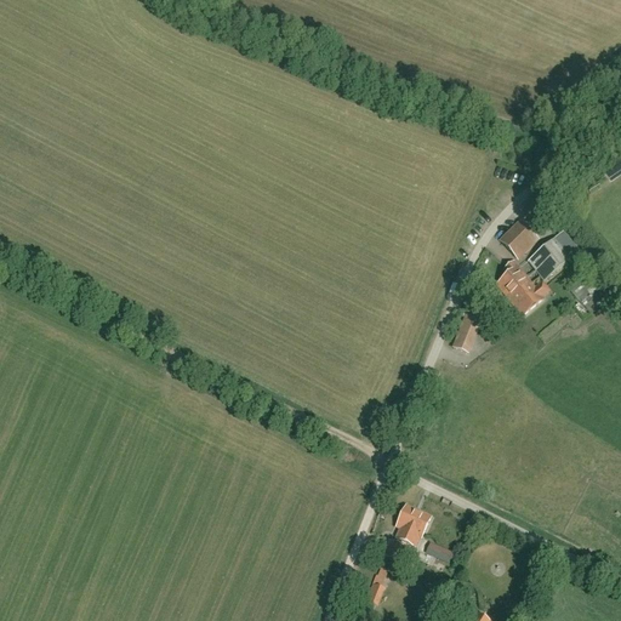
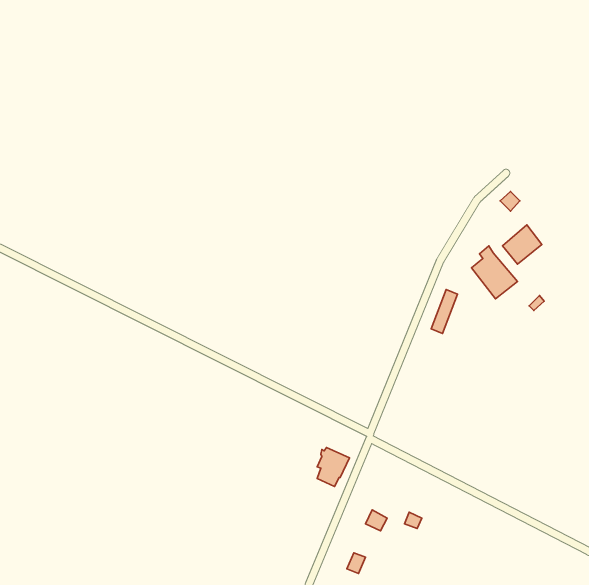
building: [500,217,539,257] -> none
building: [397,503,431,545] -> [317,447,350,487]

